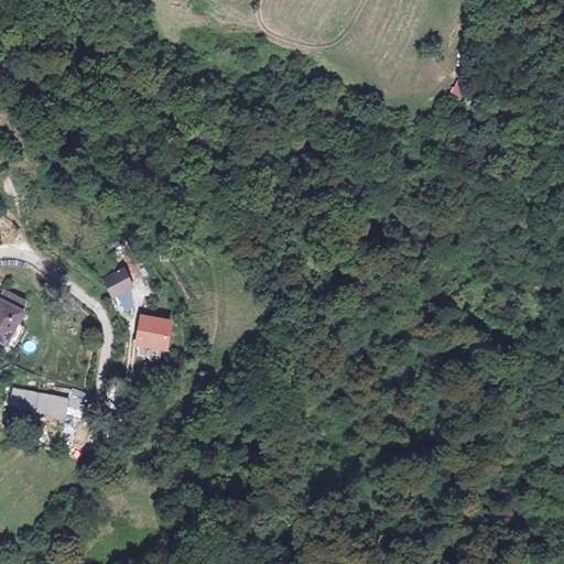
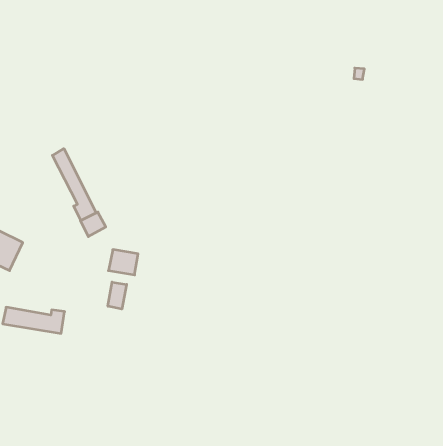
building: none -> [52,149,96,221]
building: none -> [108,282,127,309]

